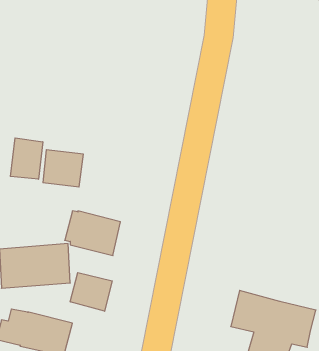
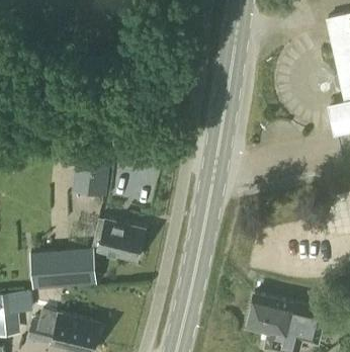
building: [10,138,43,179] -> none
building: [70,273,112,311] -> none

